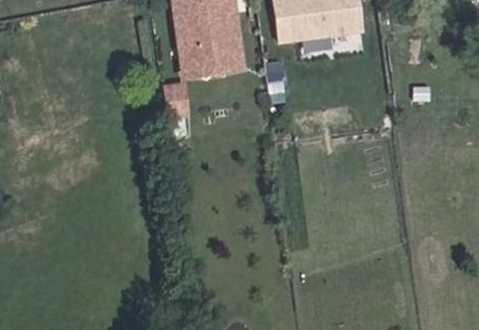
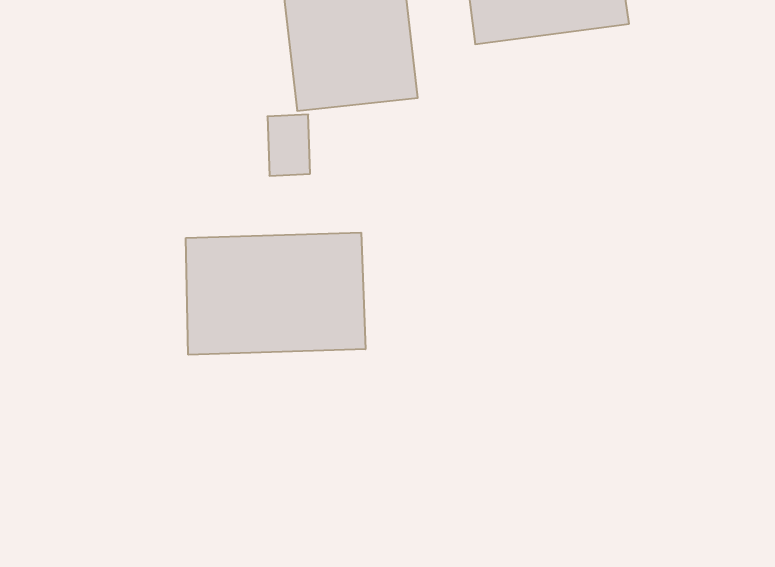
building: none -> [186,233,365,355]

